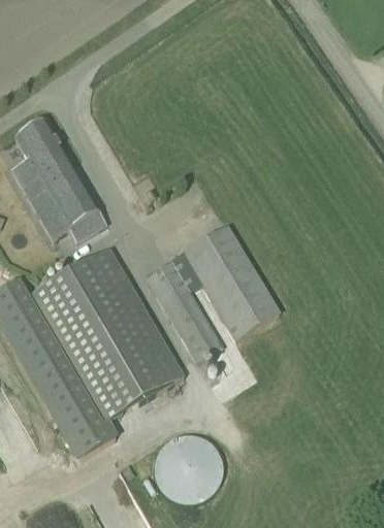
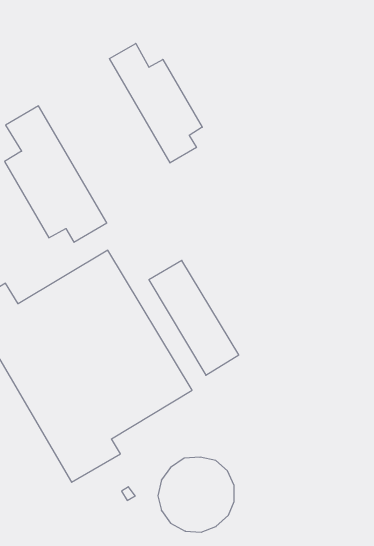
building: none -> [109,43,202,163]
building: [184,226,278,337] -> none

